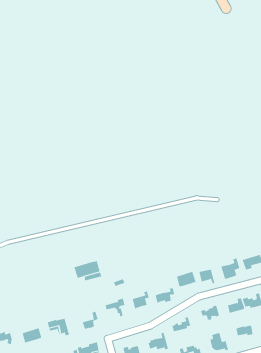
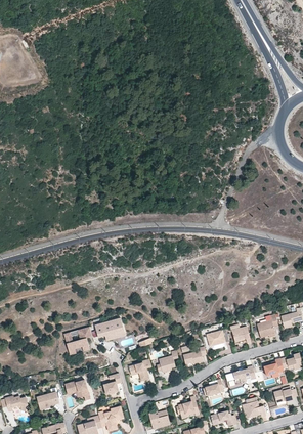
building: none -> [62,326,91,349]

